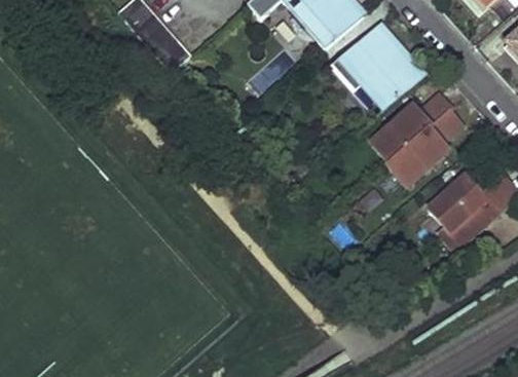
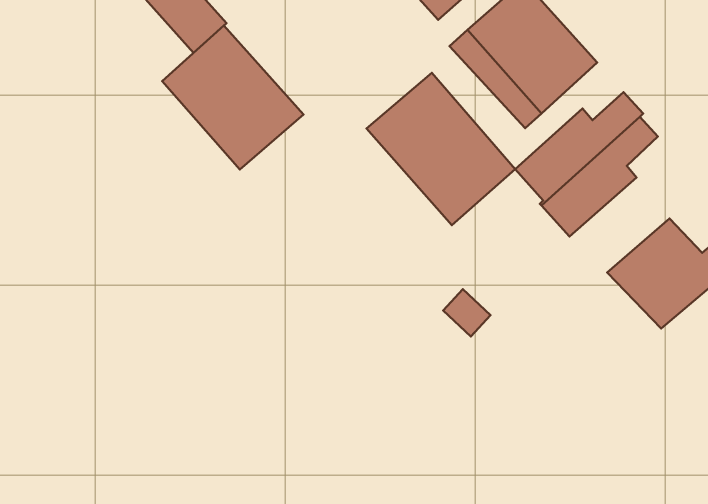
building: none -> [162,26,303,170]
building: none -> [366,73,515,225]

